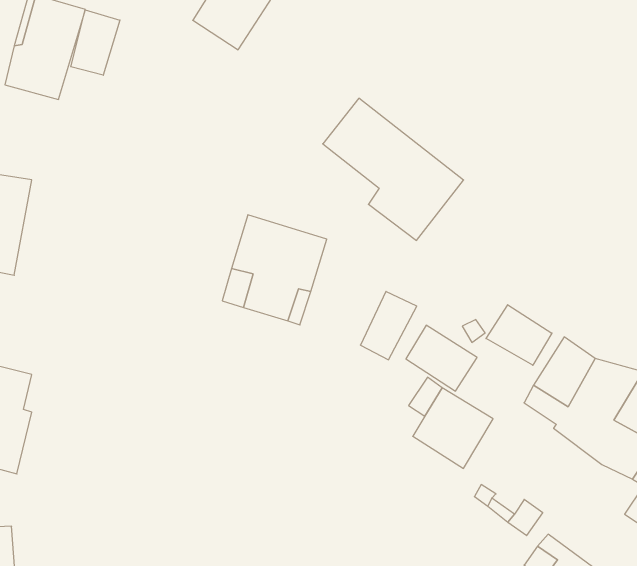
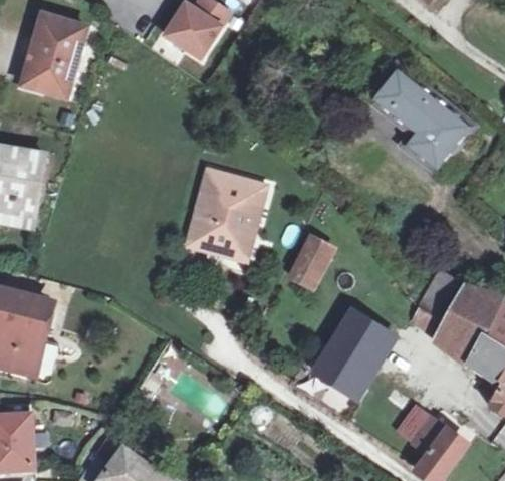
building: [71,10,120,75] -> none
building: [323,98,464,240] -> [368,65,474,172]
building: [486,305,552,365] -> none
building: [406,325,477,391] -> [316,346,369,396]

